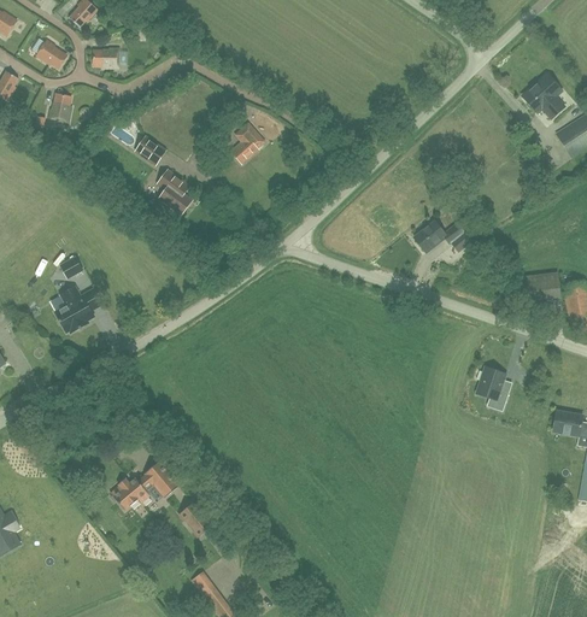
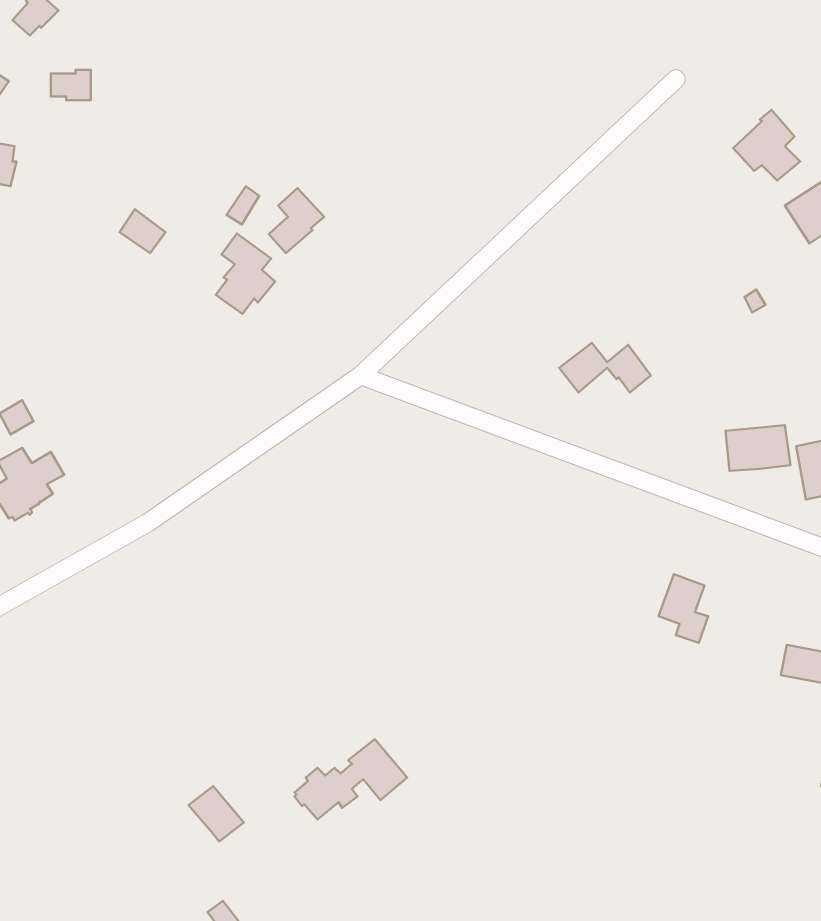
building: [154,170,192,221] -> [216,234,275,314]
building: [110,459,181,510] -> [294,739,407,819]

